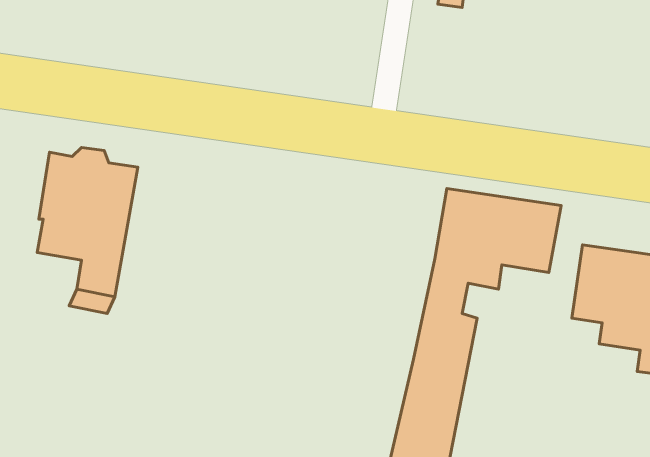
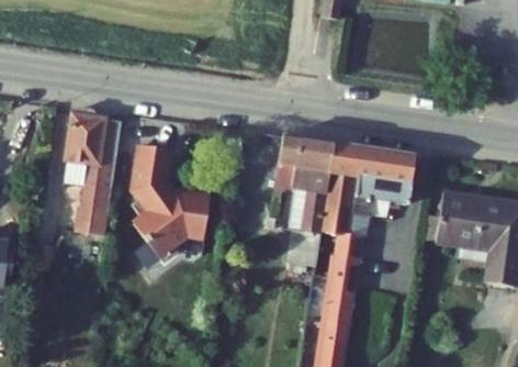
building: none -> [285,140,345,269]
building: none -> [128,145,207,259]

